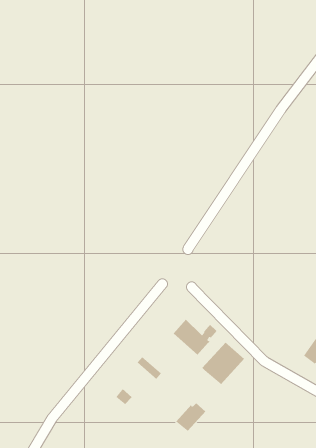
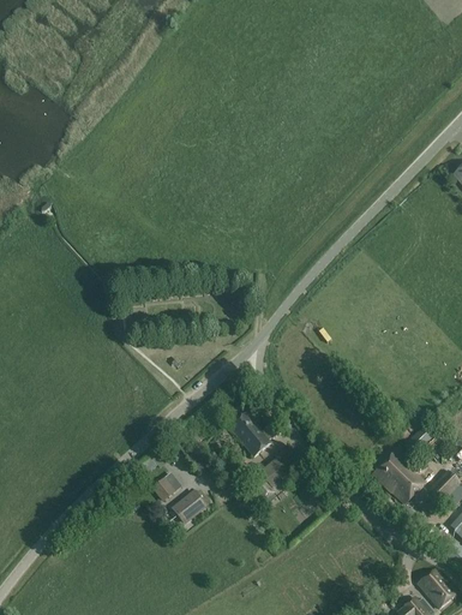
building: [176,402,206,431] -> [173,491,209,523]

